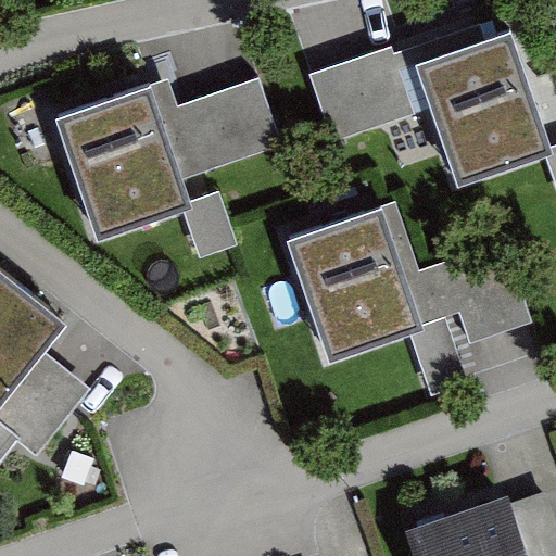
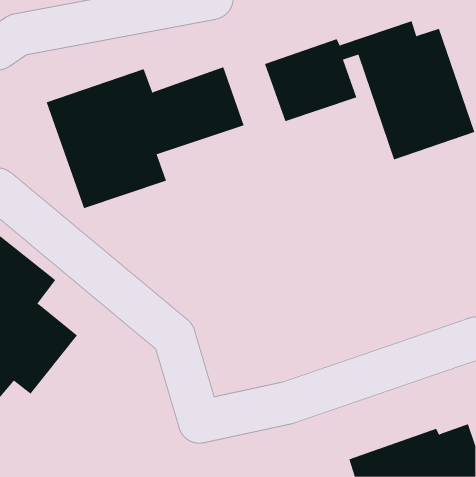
building: [288,205,530,364] -> none

